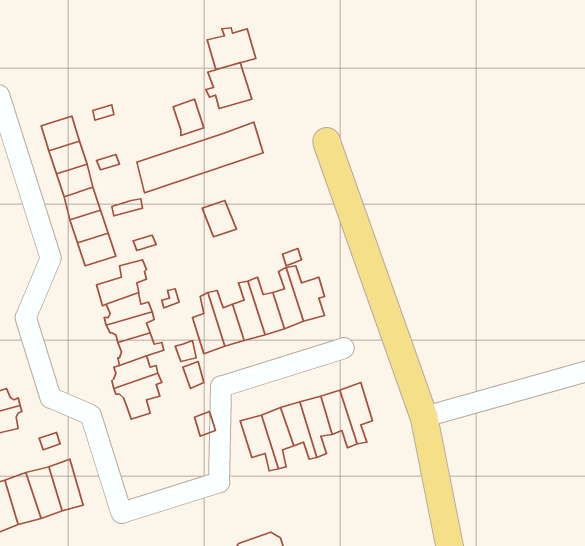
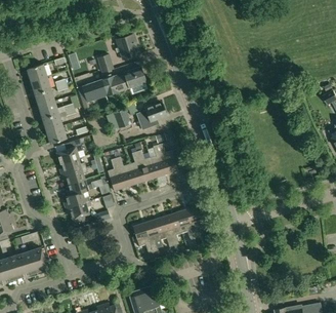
building: [207,28,256,69] -> none
building: none -> [136,102,166,129]

